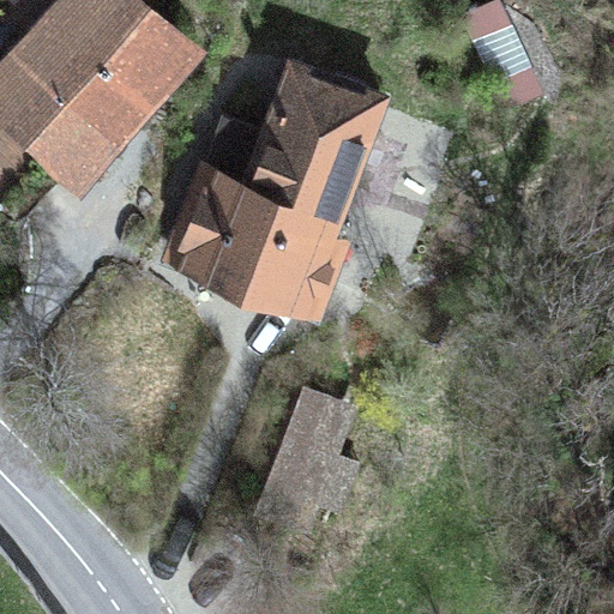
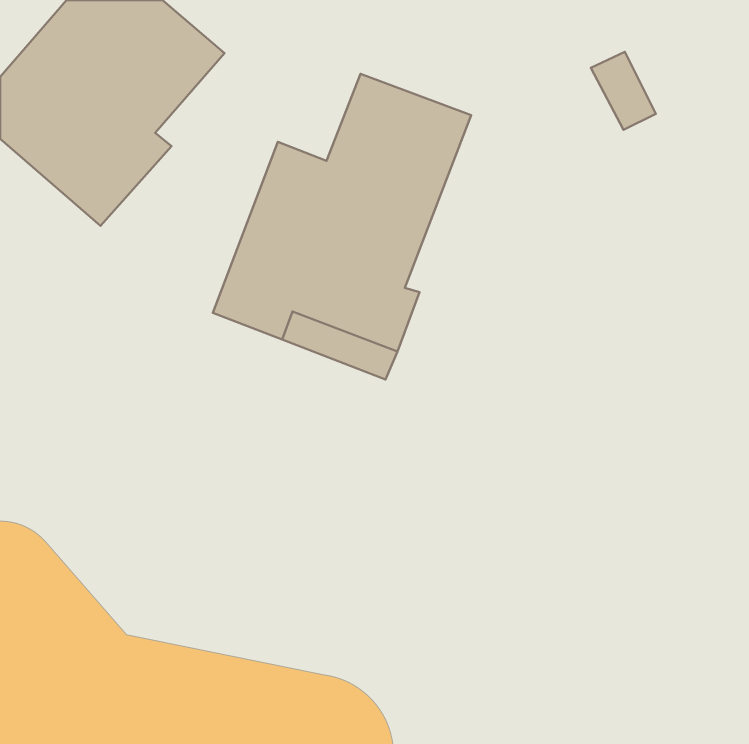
building: [253,397,341,523] -> none

